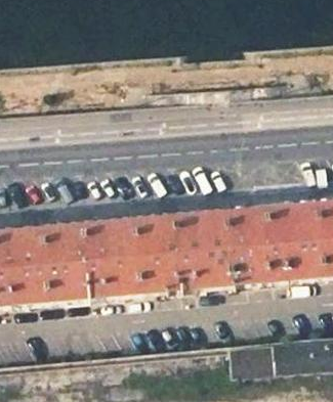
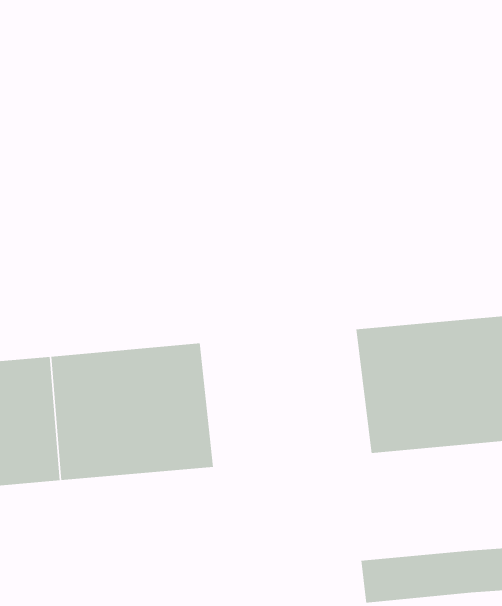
building: [134,211,237,294] -> none

